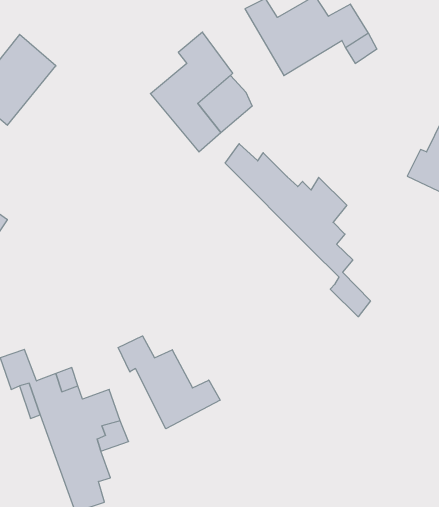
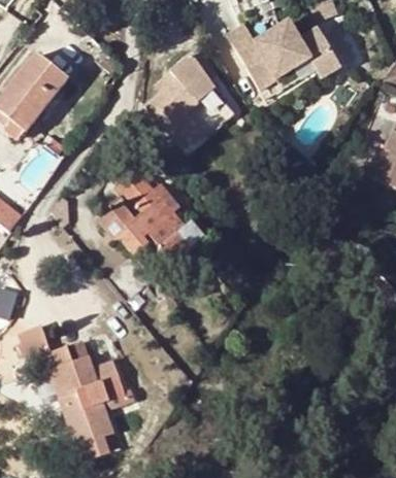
building: [225,144,370,317] -> none
building: none -> [98,168,204,264]
building: [118,336,220,429] -> none

